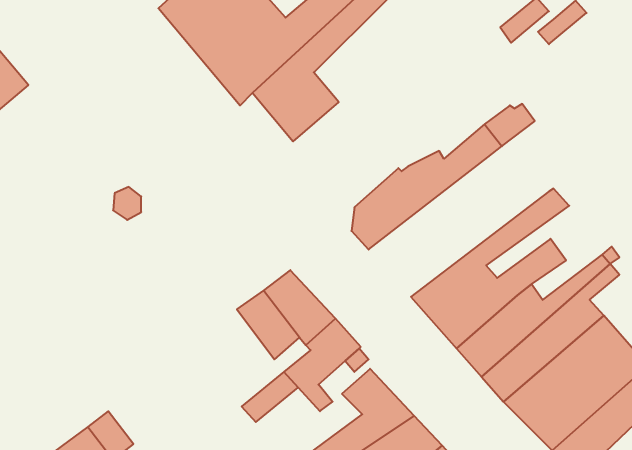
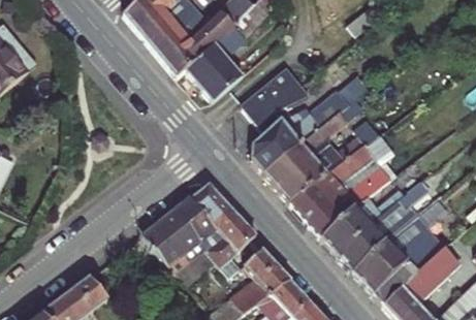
building: none -> [241,65,311,123]
building: none -> [261,109,380,201]
building: none -> [141,210,199,268]

